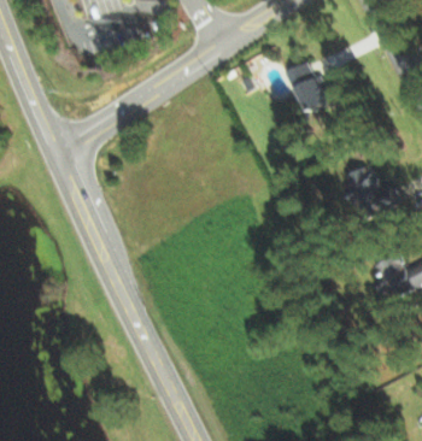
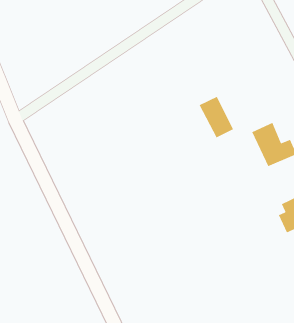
building: [286,59,329,111] -> [198,96,234,138]

